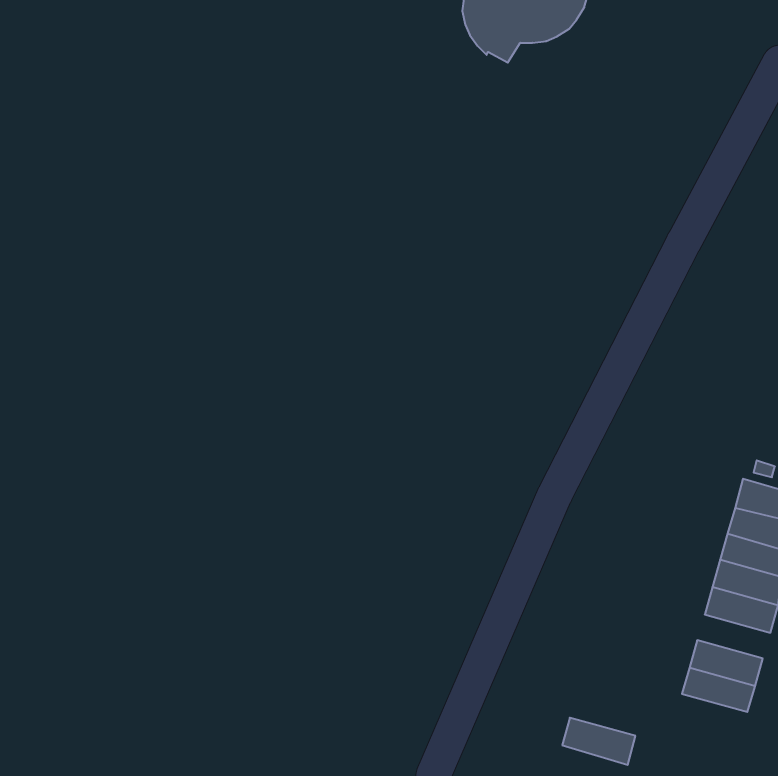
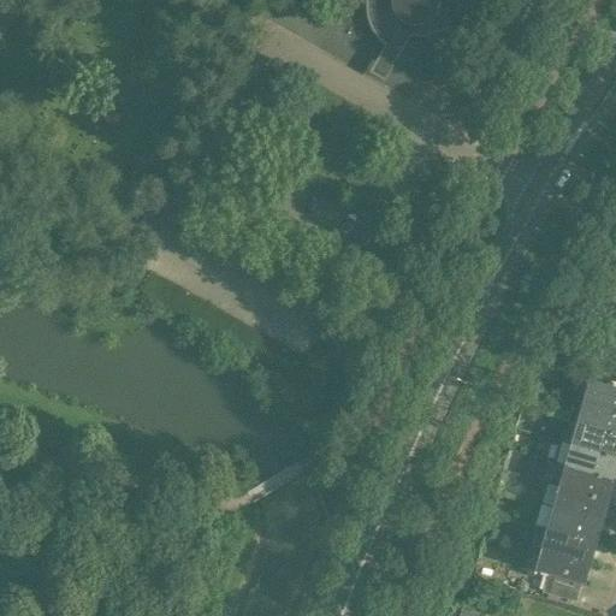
building: none -> [551,485,609,520]
building: [562,718,635,765] -> [533,547,591,585]

